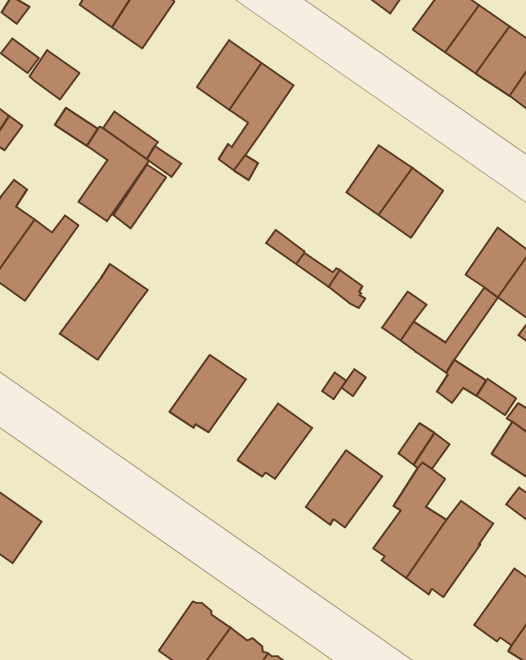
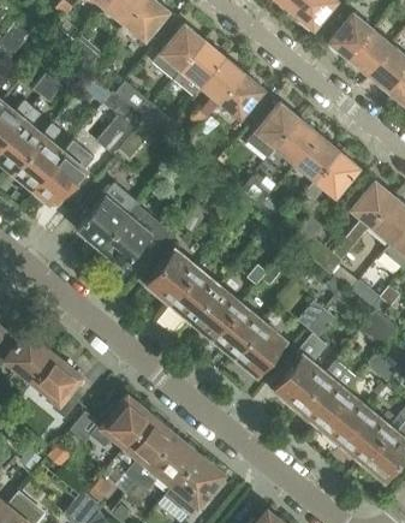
building: none -> [151,23,203,79]
building: none -> [220,73,263,119]
building: none -> [255,101,298,148]
building: none -> [304,151,359,202]
building: none -> [99,203,172,267]
building: none -> [169,268,218,322]
building: none -> [212,304,261,357]
building: none -> [31,353,79,416]
building: none -> [318,391,368,445]
building: none -> [91,394,150,446]

